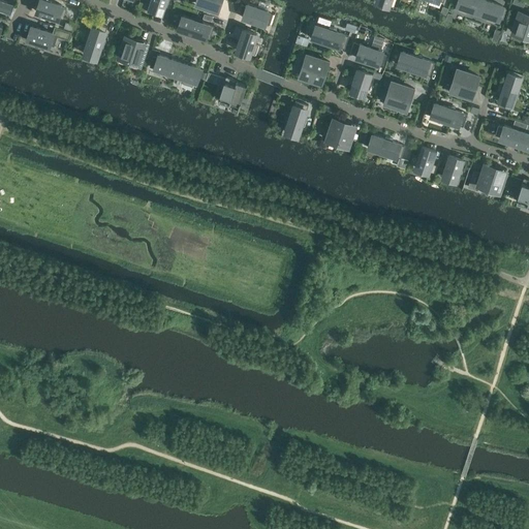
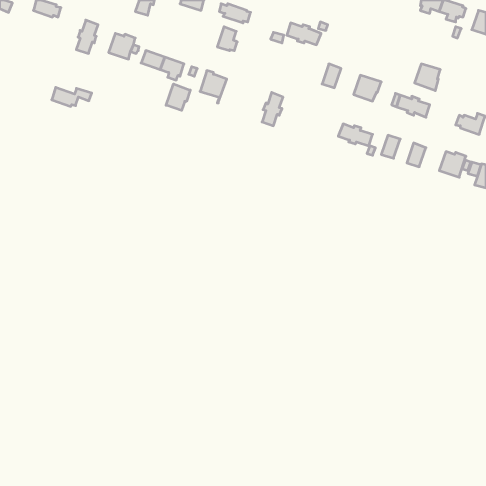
building: [178,17,213,40] -> none
building: [27,27,70,48] -> [52,87,92,106]
building: [349,43,385,66] -> none
building: [397,53,433,76] -> none
building: [299,56,329,84] -> none
building: [496,74,520,112] -> none
building: none -> [166,84,190,110]
building: [325,120,354,148] -> none

